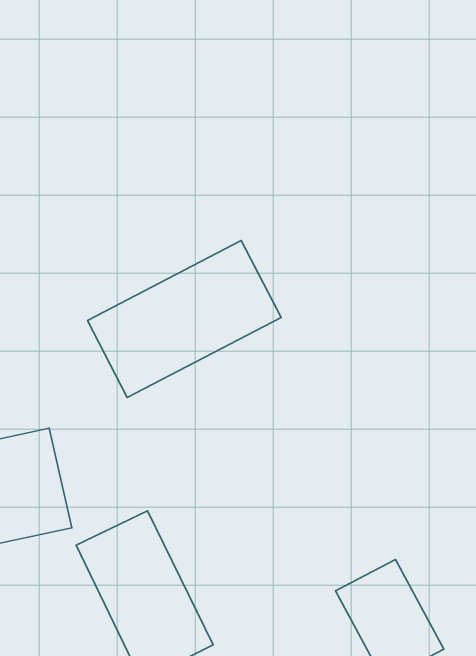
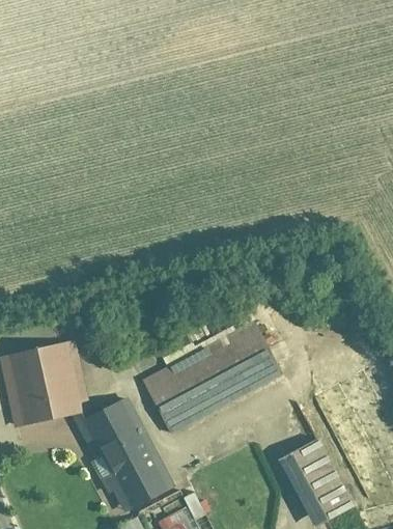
building: [87,241,281,397] -> [140,317,281,431]

